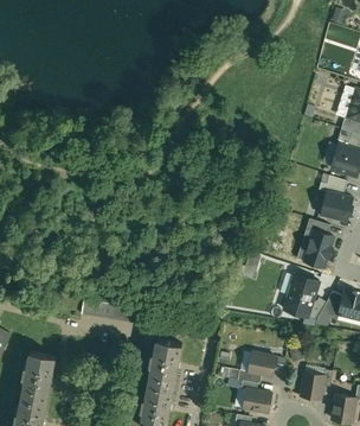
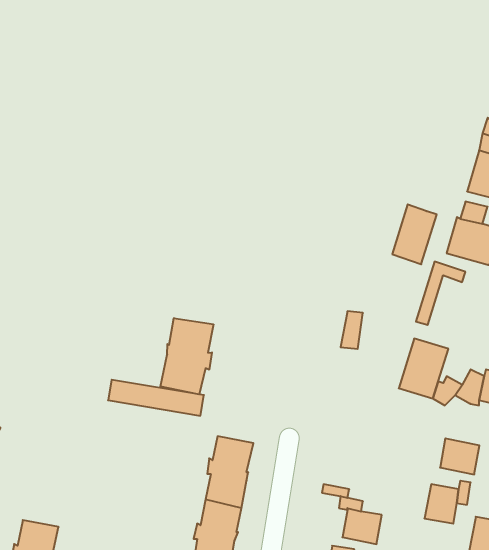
building: [303,227,334,268] -> [392,204,437,264]
building: none -> [160,318,213,394]
building: [22,351,56,401] -> none
building: [249,351,276,376] -> [440,438,479,474]

